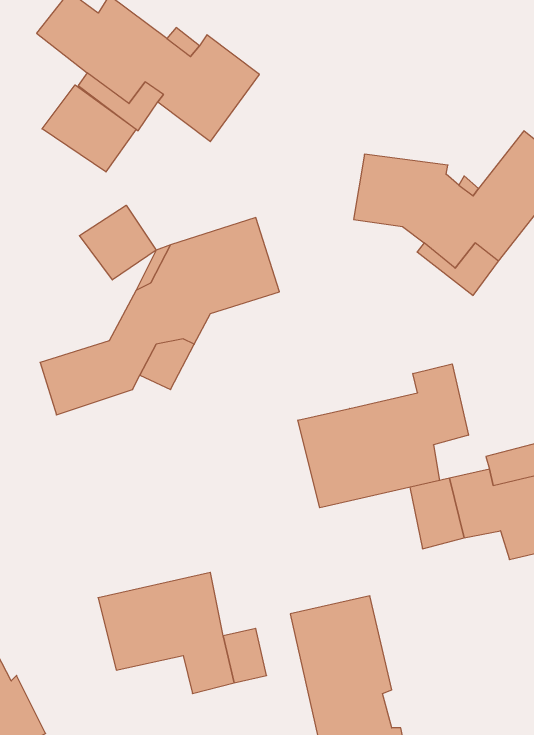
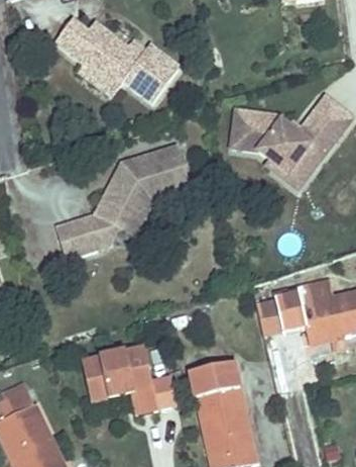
building: [42,85,136,172] -> none
building: [79,205,156,280] -> none
building: [298,364,468,508] -> none

